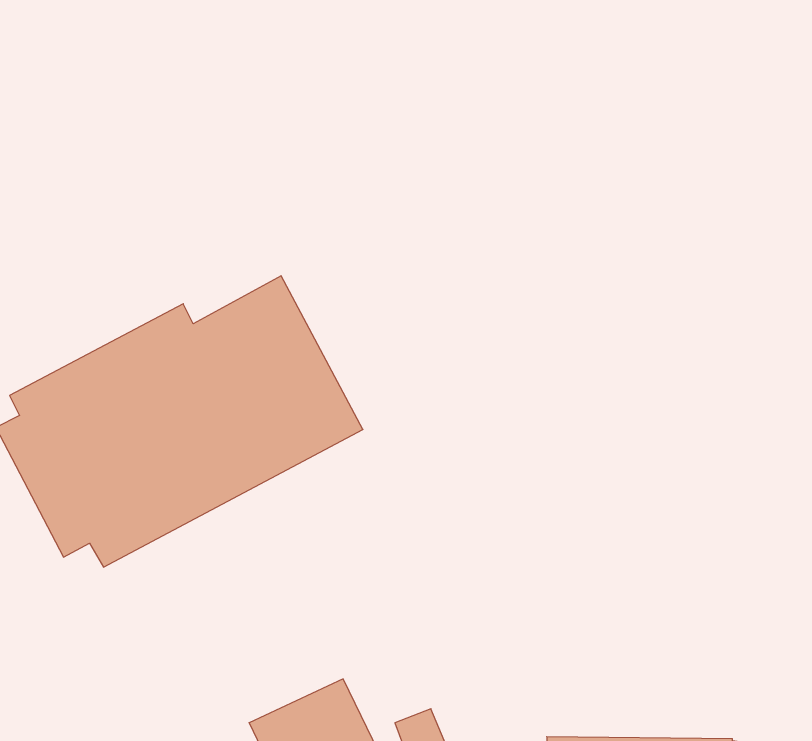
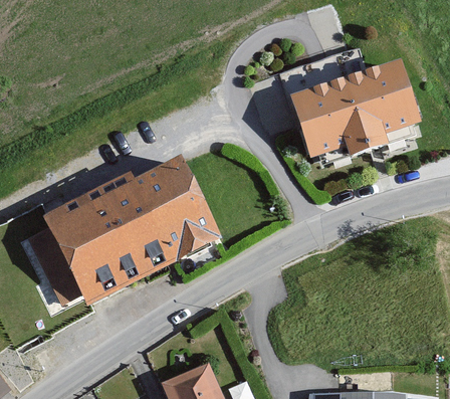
building: none -> [286,46,418,158]

